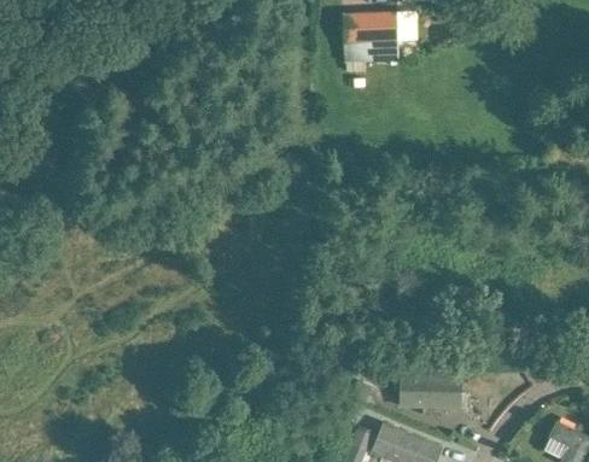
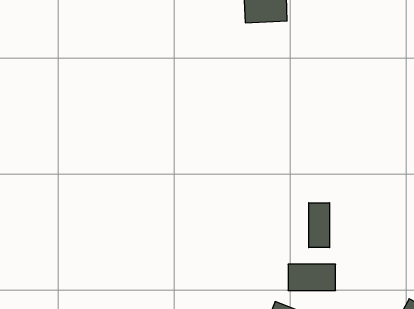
building: none -> [309,203,330,248]

